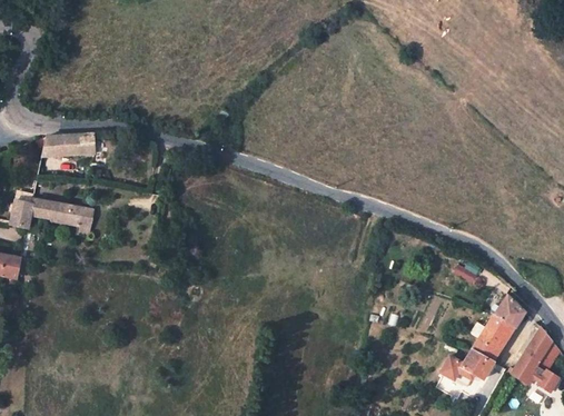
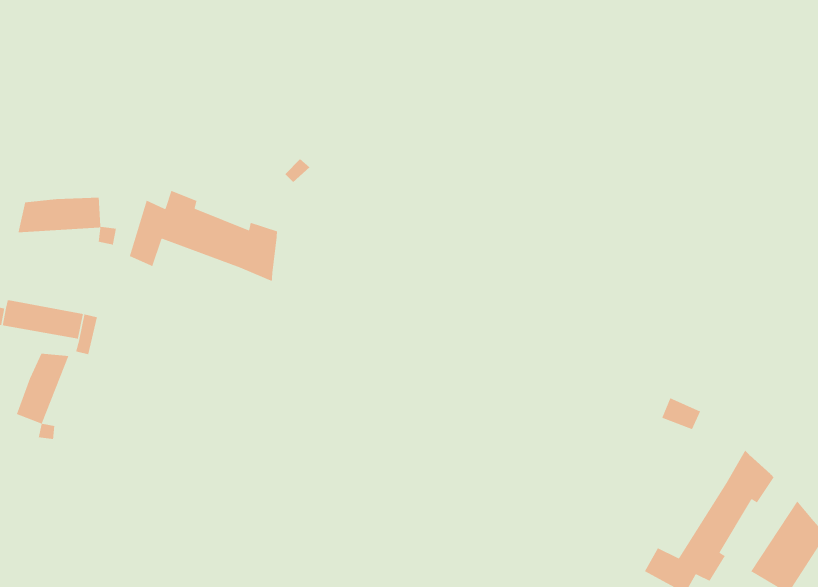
building: none -> [129,190,278,282]
building: none -> [16,353,70,440]

